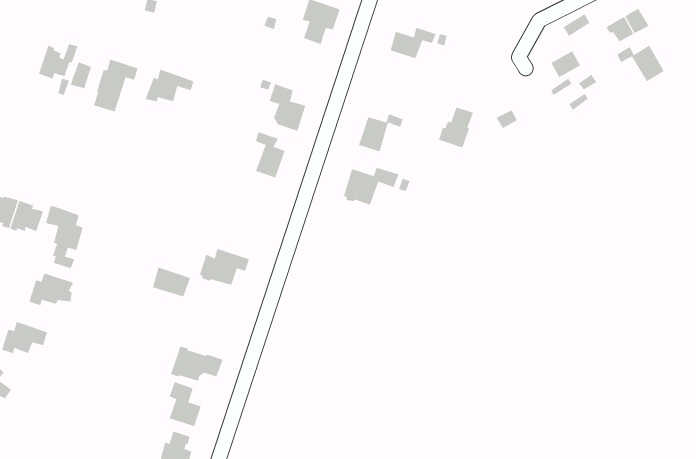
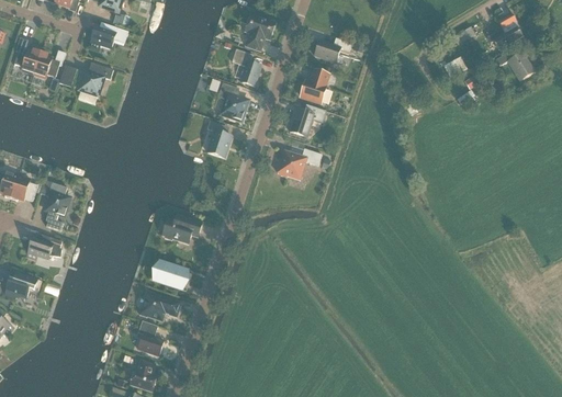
building: none -> [13,37,41,75]
building: none -> [232,49,261,87]
building: [145,69,194,102] -> [88,22,127,48]
building: [438,107,474,148] -> [300,70,328,103]
building: [152,267,191,297] -> [157,264,188,288]

